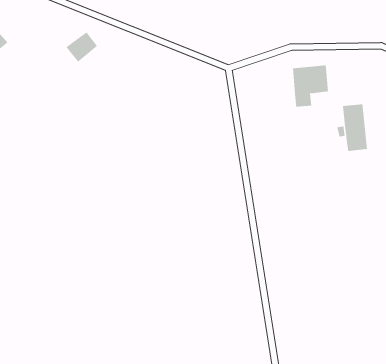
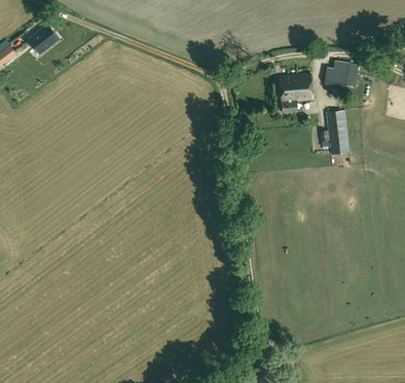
building: [66,31,98,63] -> [29,25,59,53]
building: none -> [324,61,359,89]

